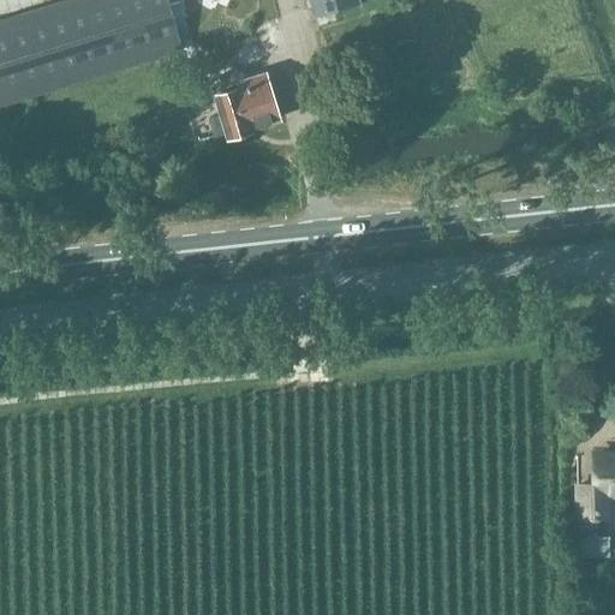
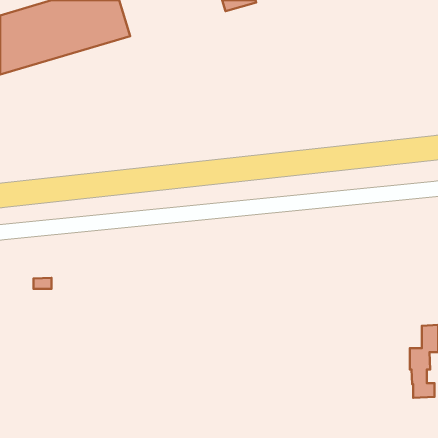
building: [209,73,280,138] -> none

